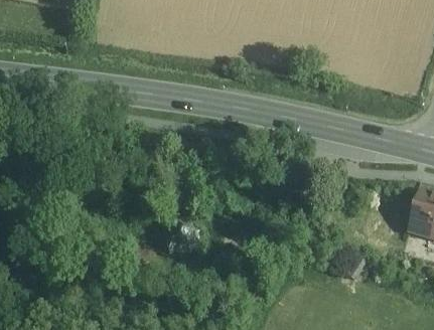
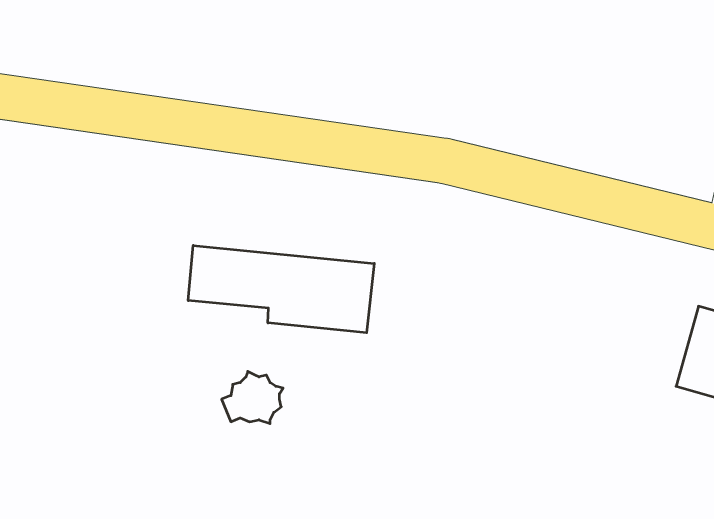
building: none -> [188,245,374,333]

